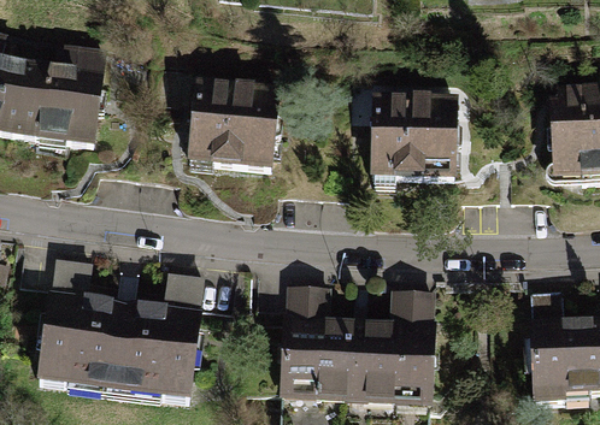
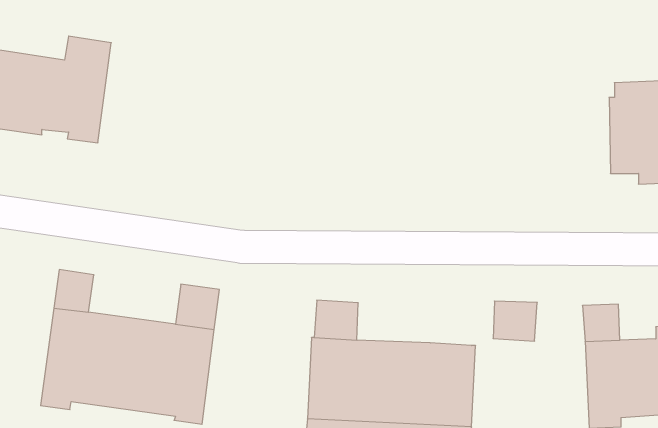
building: [189,83,278,173] -> none
building: [371,95,460,175] -> none
building: [392,290,431,326] -> [493,301,537,341]

